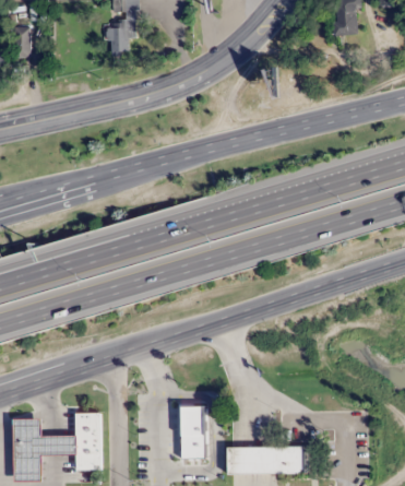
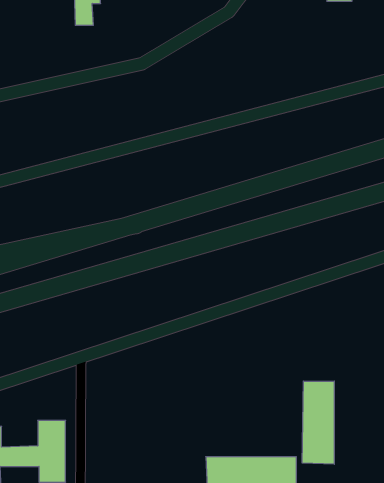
building: none -> [302,381,334,464]
building: [178,404,219,448] -> none

